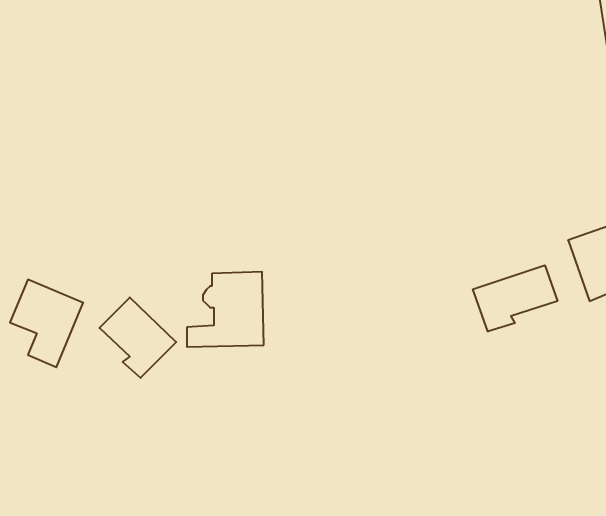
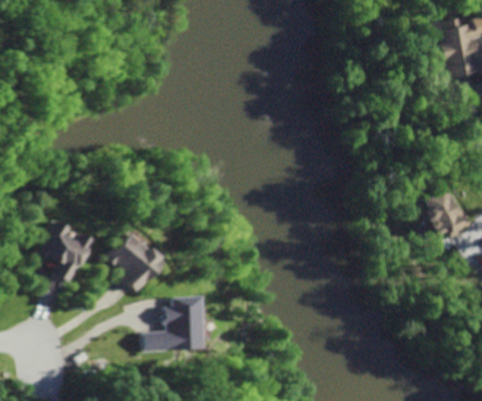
building: [473,265,557,332] -> none
building: [187,272,264,347] -> [145,296,197,347]

